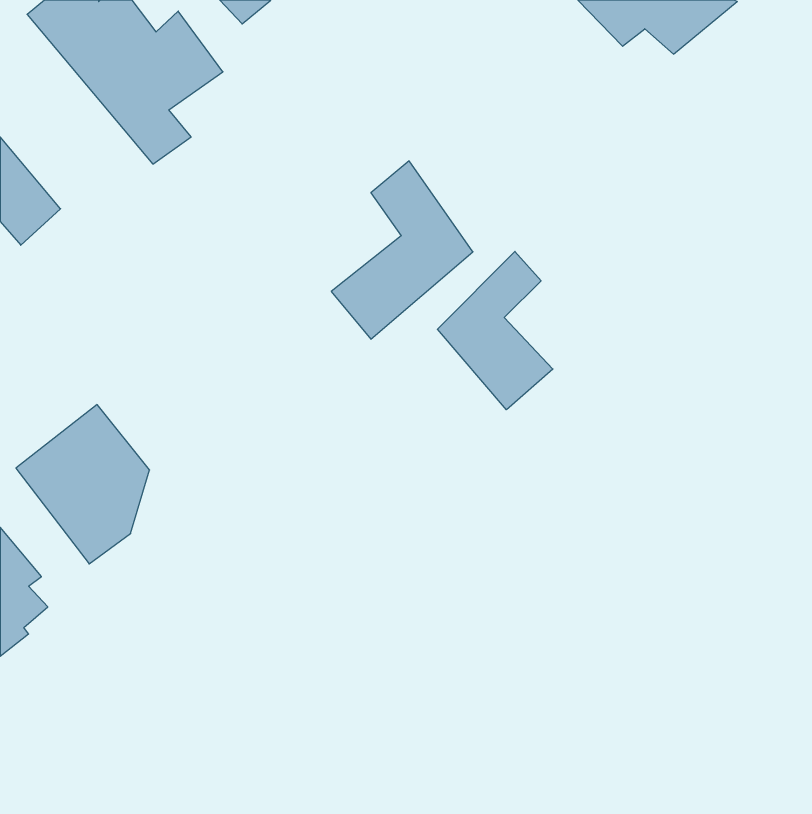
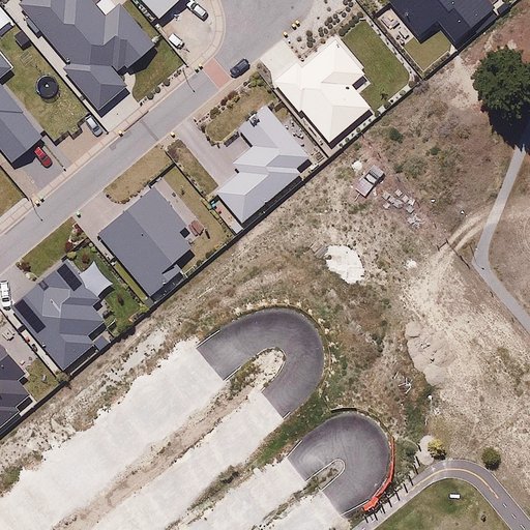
building: none -> [276,34,371,144]
building: [437,251,553,410] -> none
building: none -> [98,195,192,294]

